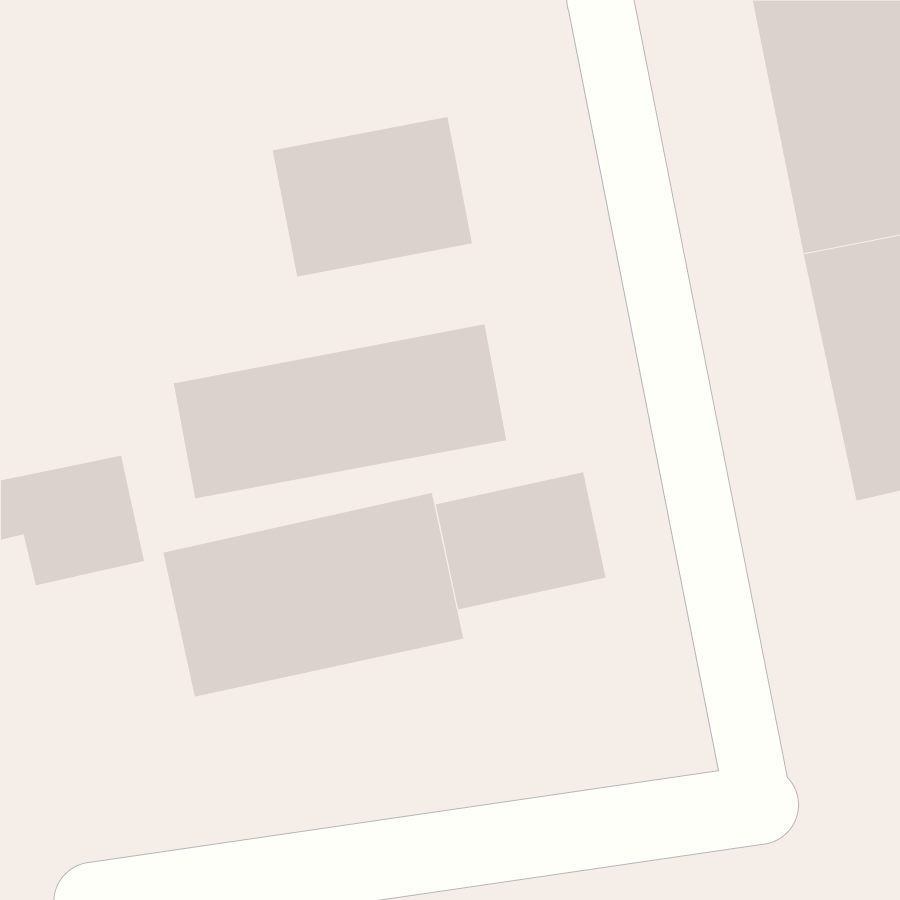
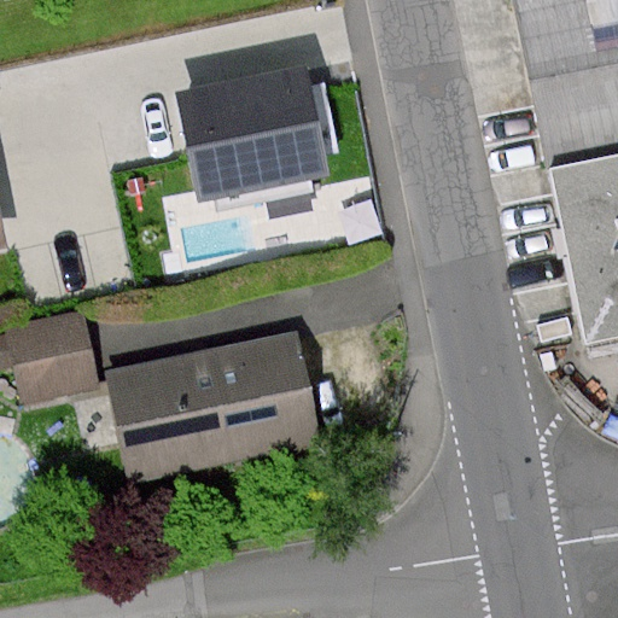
building: [173,323,507,499] -> none
building: [435,472,606,610] -> none

